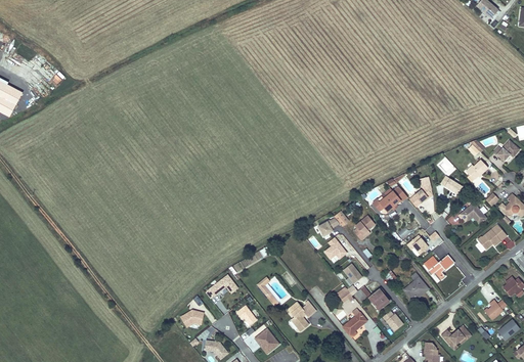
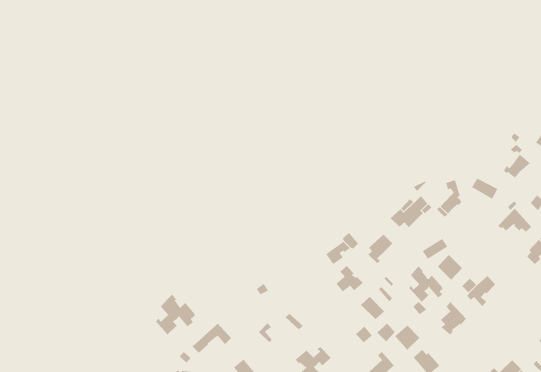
building: none -> [408,266,443,303]
building: none -> [155,294,195,335]

